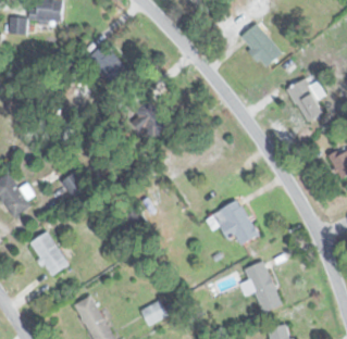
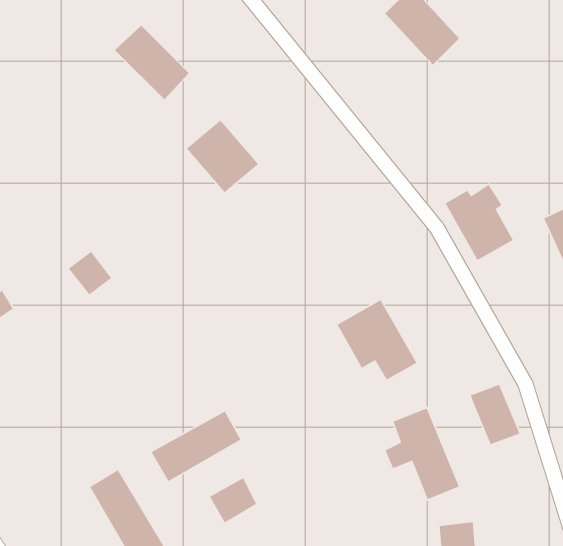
building: [287,79,326,123] -> [444,184,514,261]
building: [29,230,69,276] -> none
building: none -> [469,384,520,445]
building: none -> [150,411,241,482]

